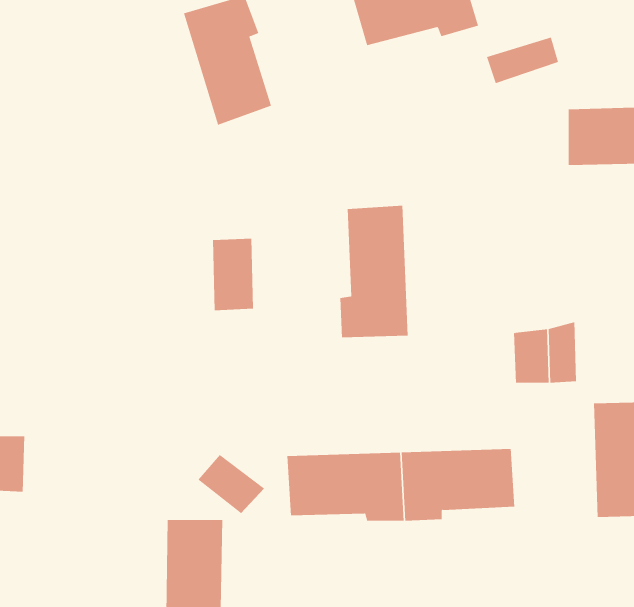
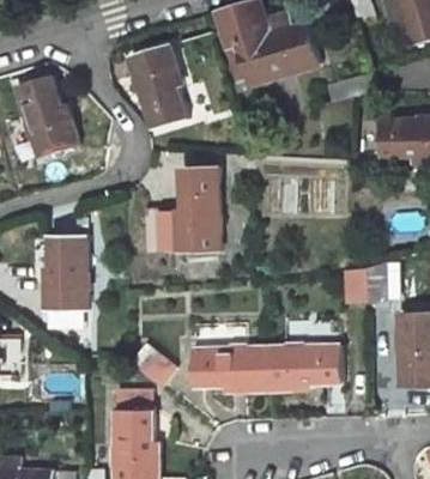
building: none -> [14,74,78,157]
building: [340,205,408,338] -> [176,164,222,251]
building: none -> [44,232,90,309]

